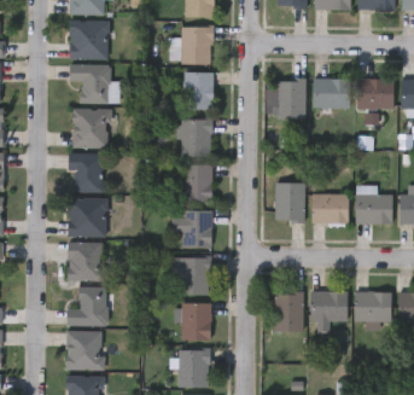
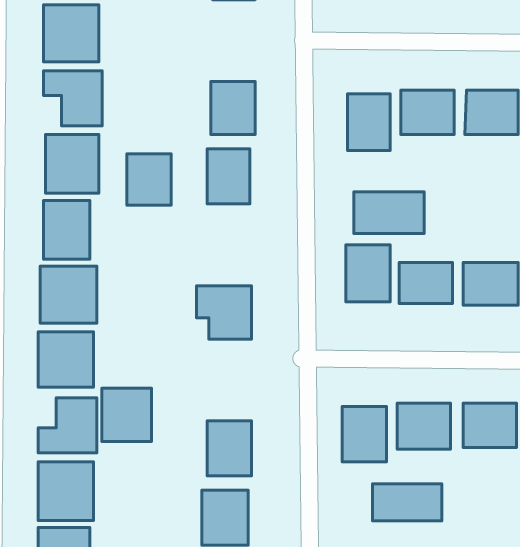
building: [181,27,212,64] -> none
building: none -> [354,192,424,233]
building: [182,165,212,201] -> [127,154,171,205]
building: [176,259,210,295] -> [102,388,152,441]
building: none -> [372,484,442,521]

